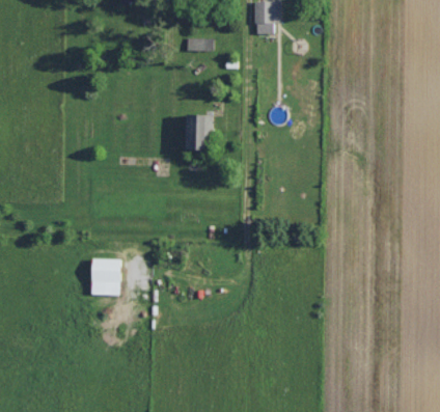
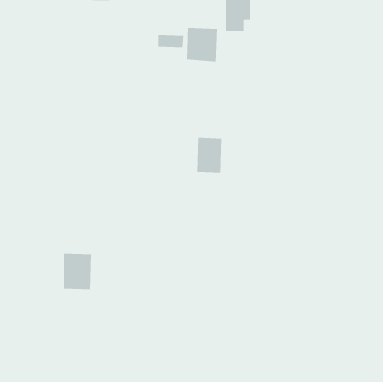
building: none -> [186,27,217,62]
building: [185,114,211,150] -> [196,137,222,173]

